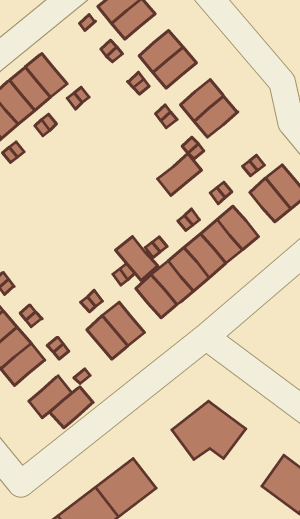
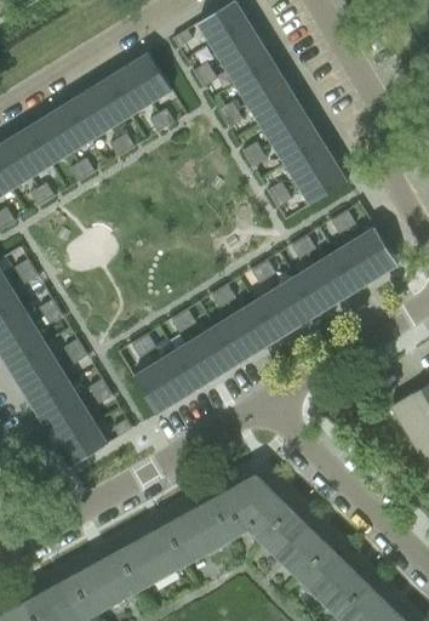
building: none -> [222,40,271,84]
building: none -> [128,53,171,103]
building: none -> [259,101,309,144]
building: [157,153,201,196] -> [297,161,347,205]
building: none -> [314,252,358,302]
building: [116,237,158,280] -> [173,340,217,389]
building: [49,387,93,428] -> [45,404,95,446]
building: none -> [263,512,330,577]
building: none -> [164,501,230,563]

